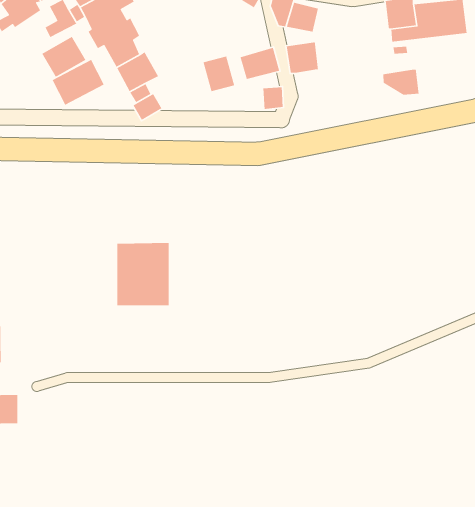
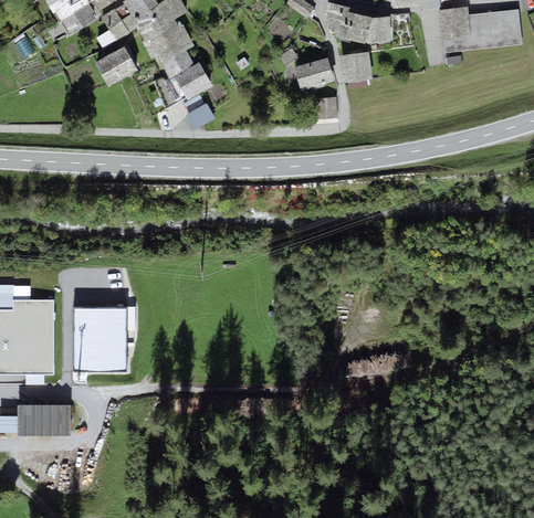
building: none -> [366,15,390,41]
building: [203,56,235,92] -> none
building: [52,59,105,106] -> none
building: [383,69,419,96] -> none
building: [116,242,169,306] -> [74,306,127,370]

